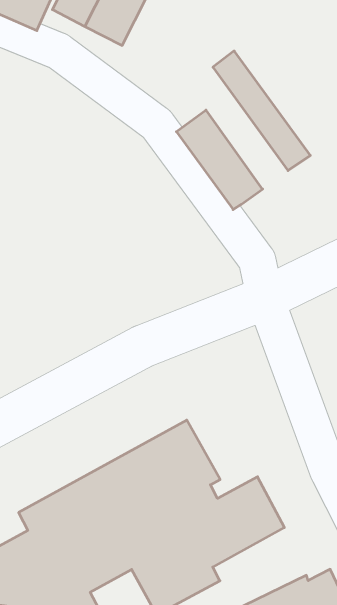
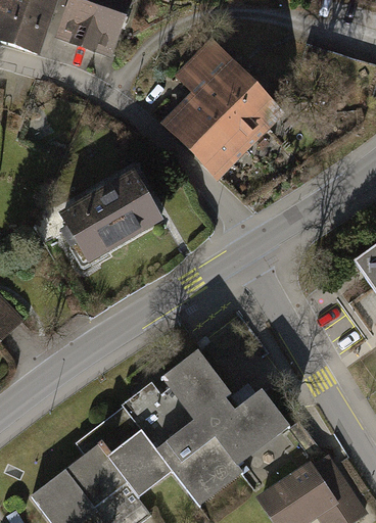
building: none -> [200,36,287,127]
building: none -> [176,66,255,158]
building: none -> [42,178,152,273]

